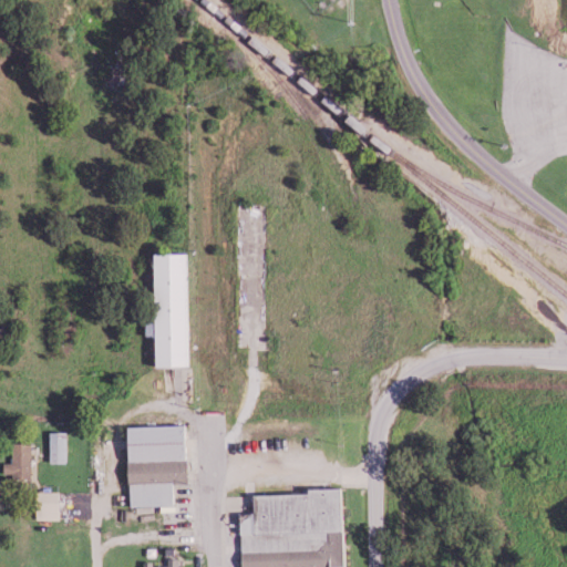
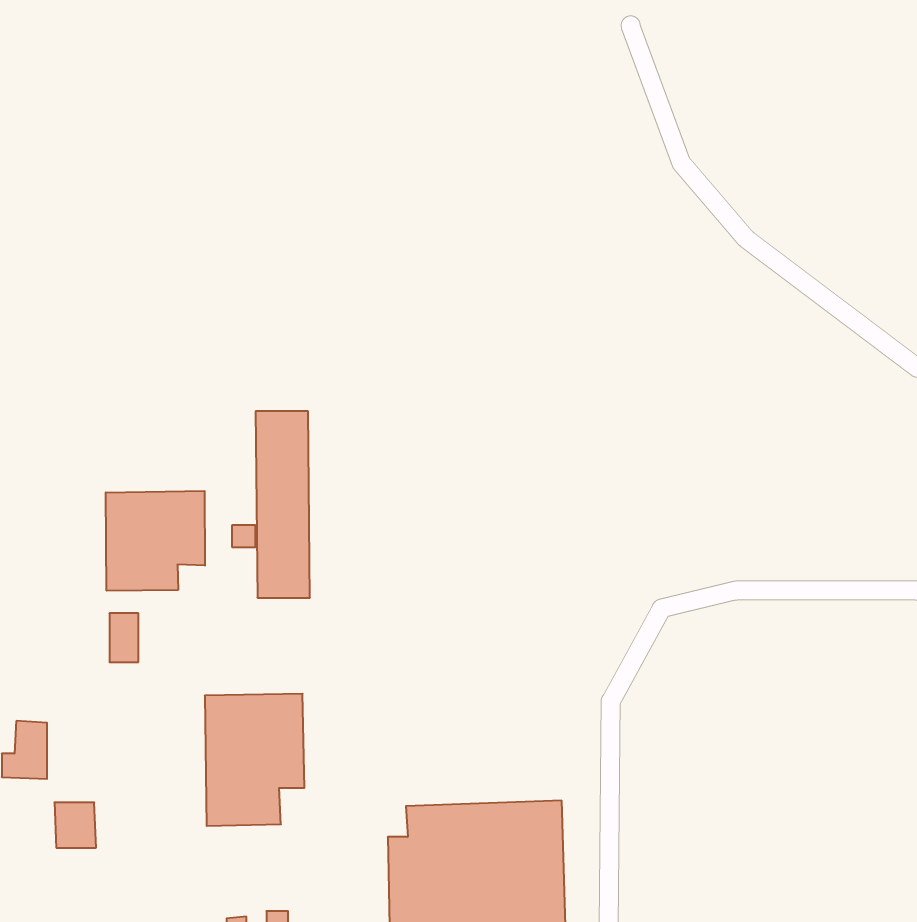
building: none -> [106,491,205,591]
building: [47,433,64,463] -> [109,613,138,662]

